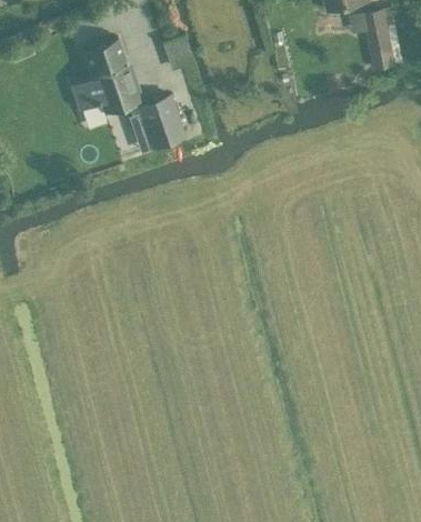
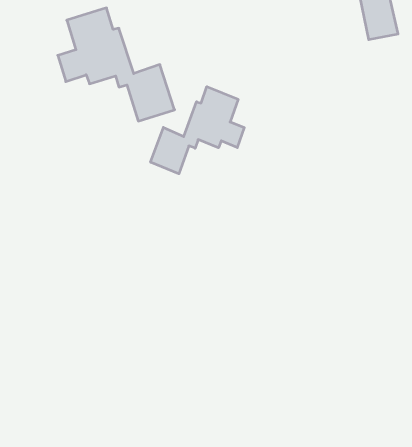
building: none -> [151,87,244,174]

